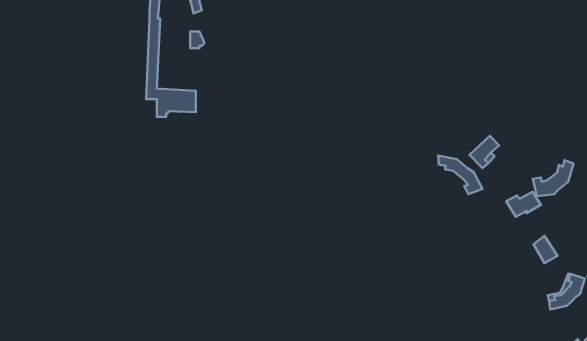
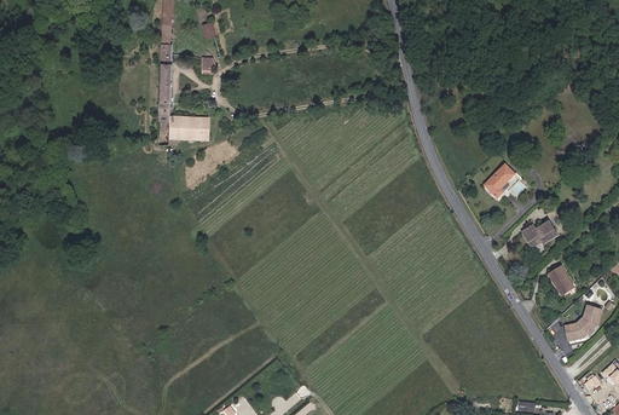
building: [438,155,483,194] -> none
building: [533,160,574,196] -> none

